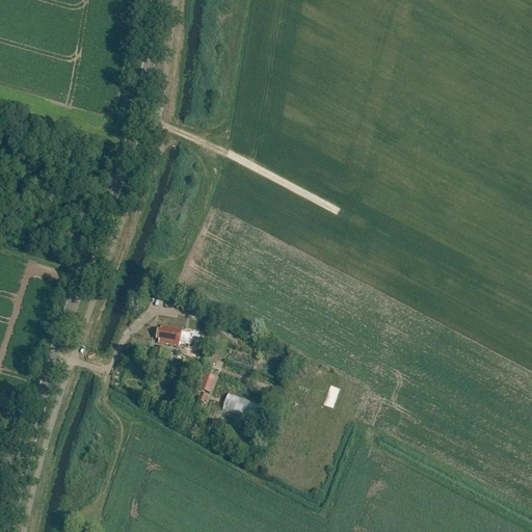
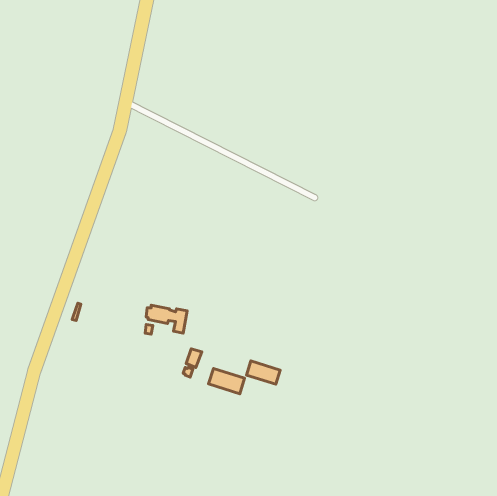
building: none -> [246,361,280,384]

